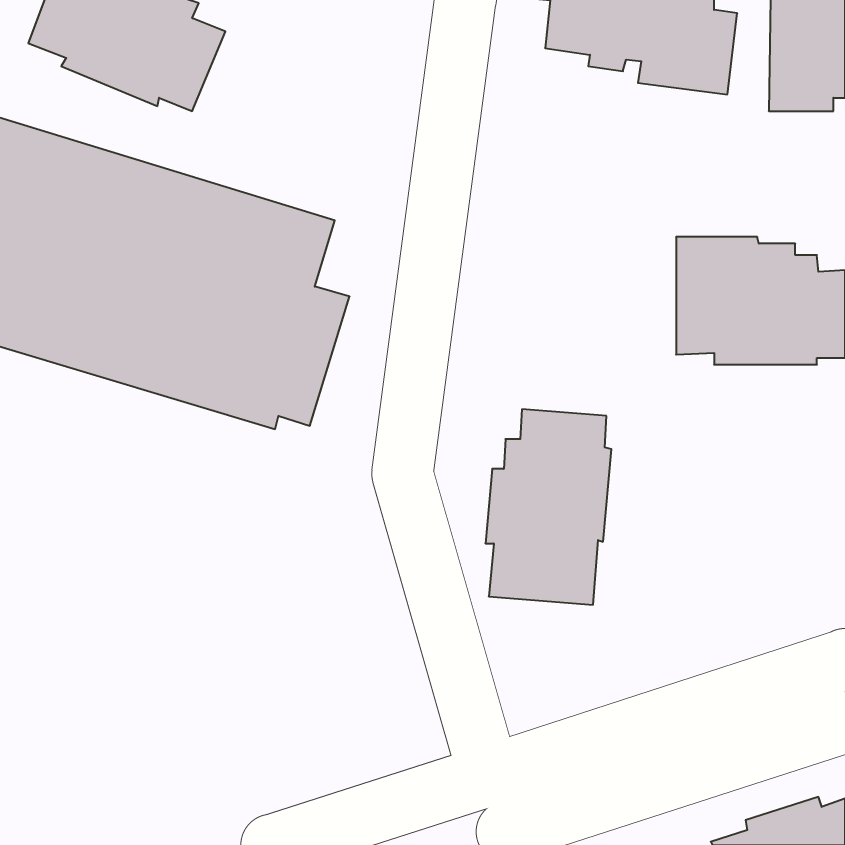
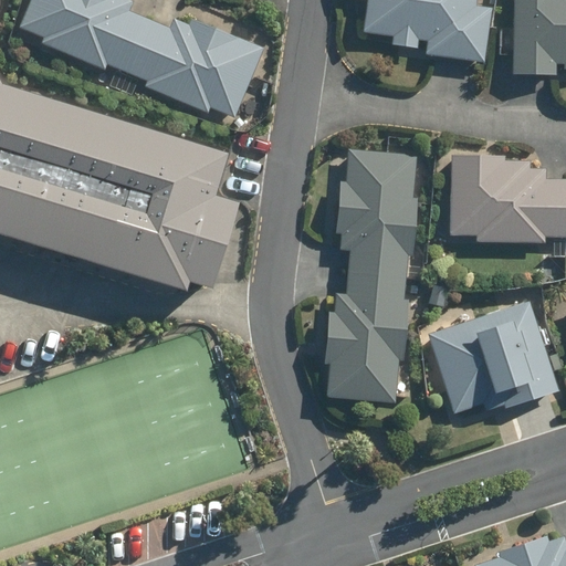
building: none -> [128,18,264,120]
building: none -> [336,149,418,277]
building: none -> [428,302,558,412]

